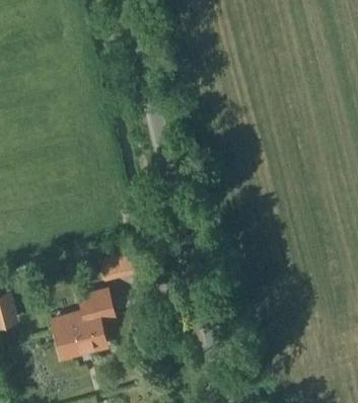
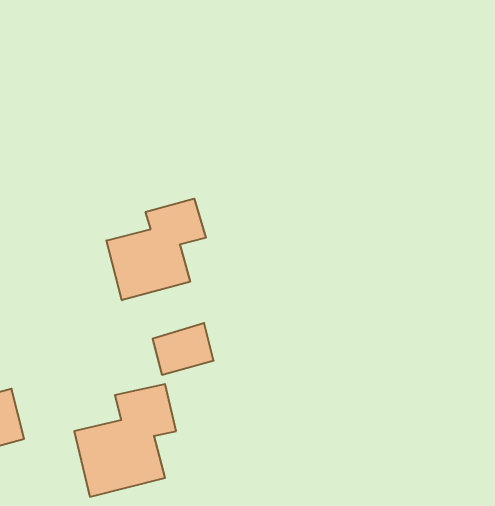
building: none -> [106,199,206,300]

